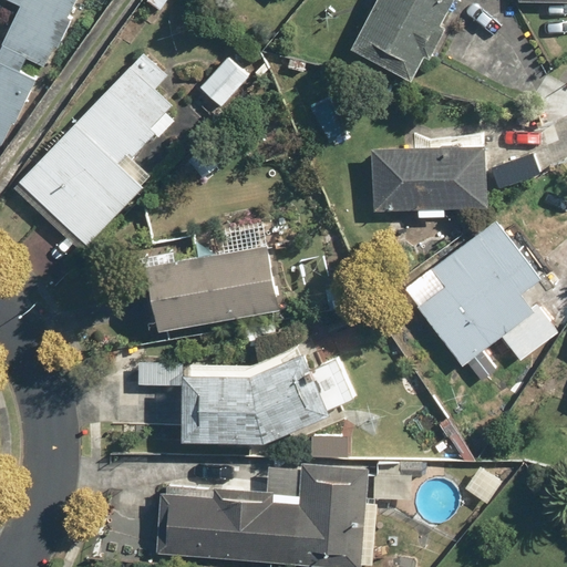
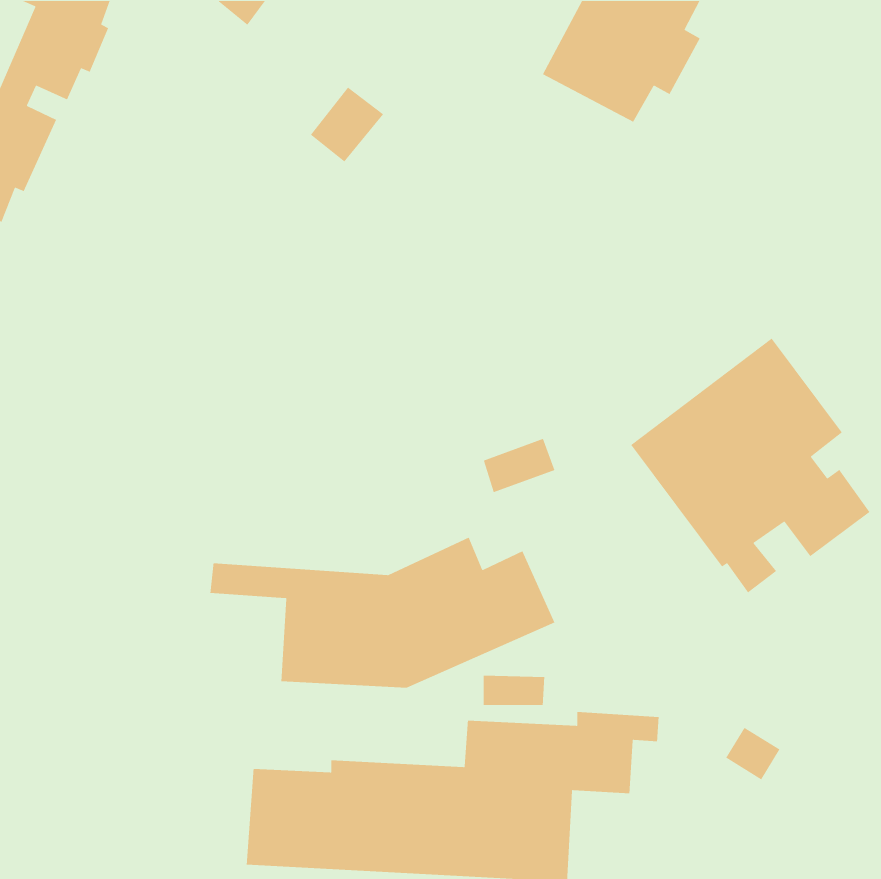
building: [13,54,174,252] -> none
building: [371,136,484,220] -> none
building: [141,217,278,333] -> none

